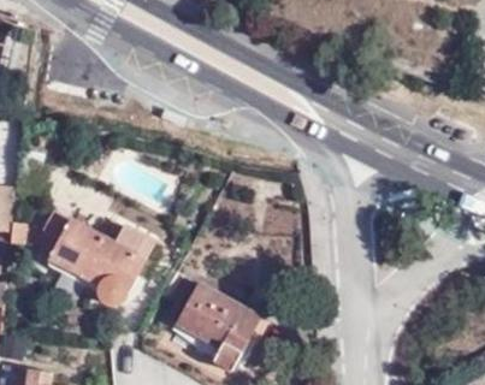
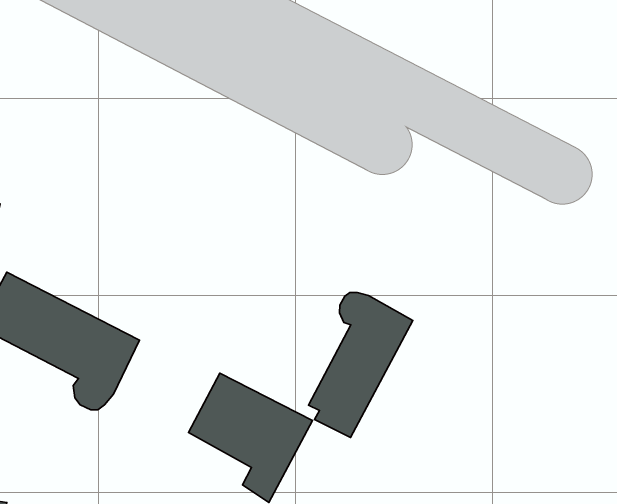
building: none -> [309,292,413,438]

